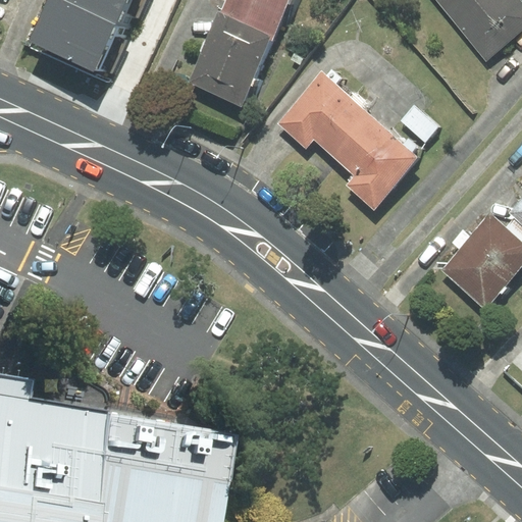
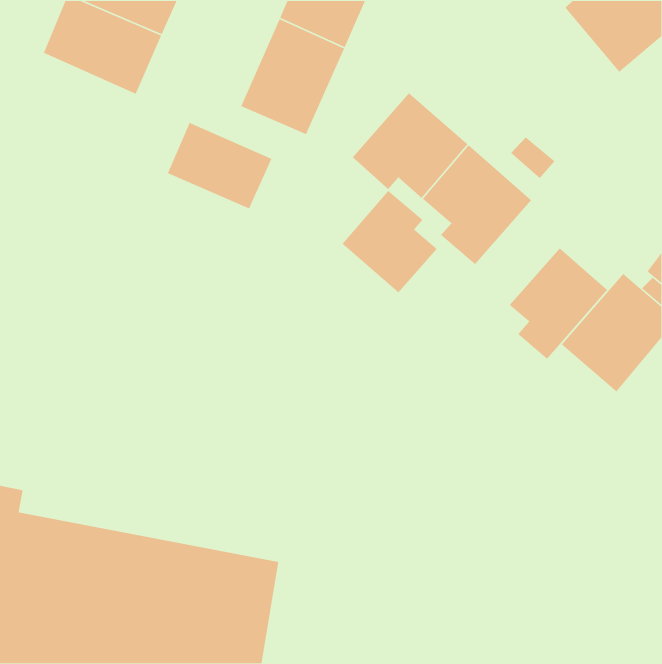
building: none -> [167,122,273,210]
building: none -> [342,190,438,293]
building: none -> [509,247,608,360]

